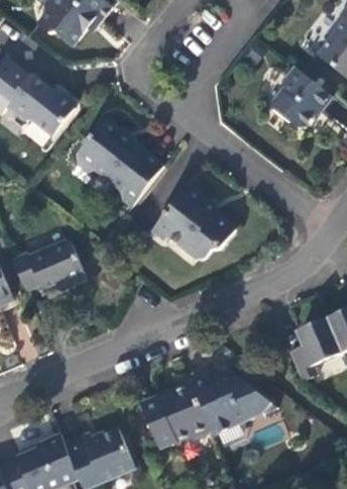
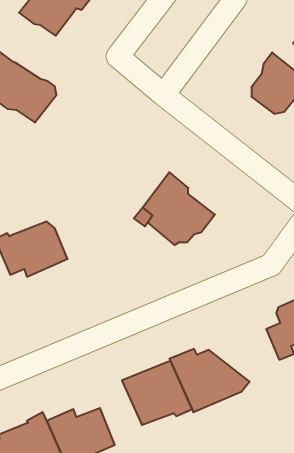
building: [79,120,165,206] -> none

